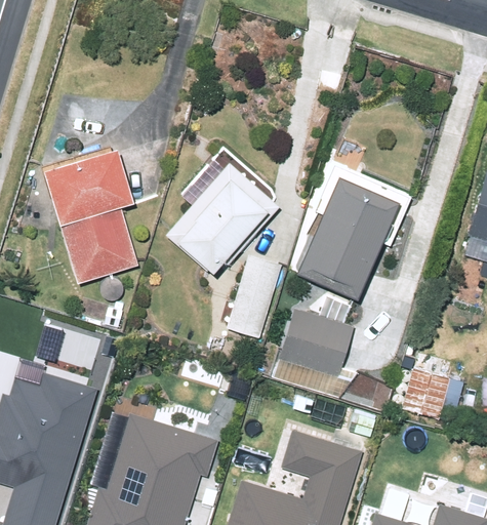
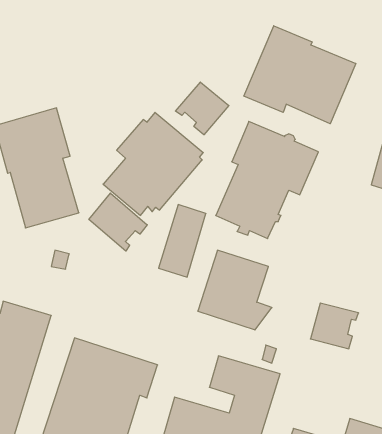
building: none -> [244,26,356,124]
building: none -> [175,82,229,135]
building: none -> [89,193,147,251]

